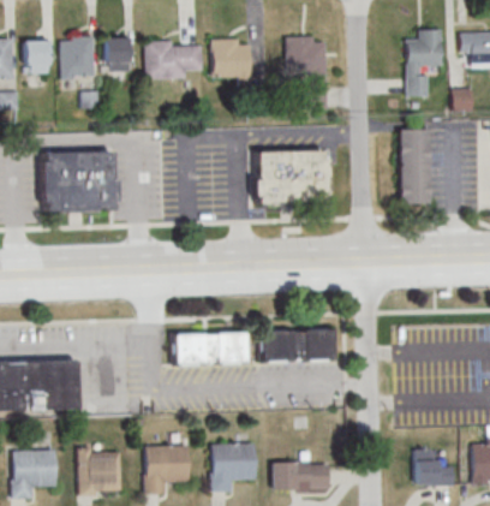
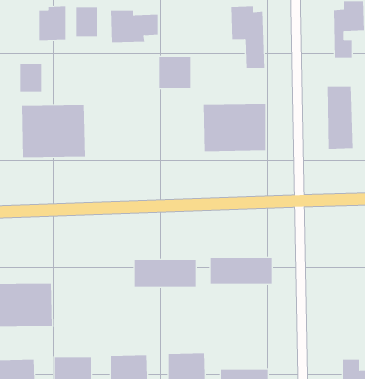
building: [25,40,52,73] -> [19,63,42,92]
building: [213,40,251,77] -> [158,57,191,88]

